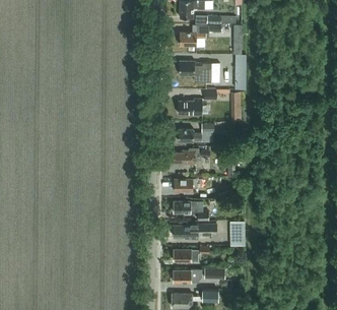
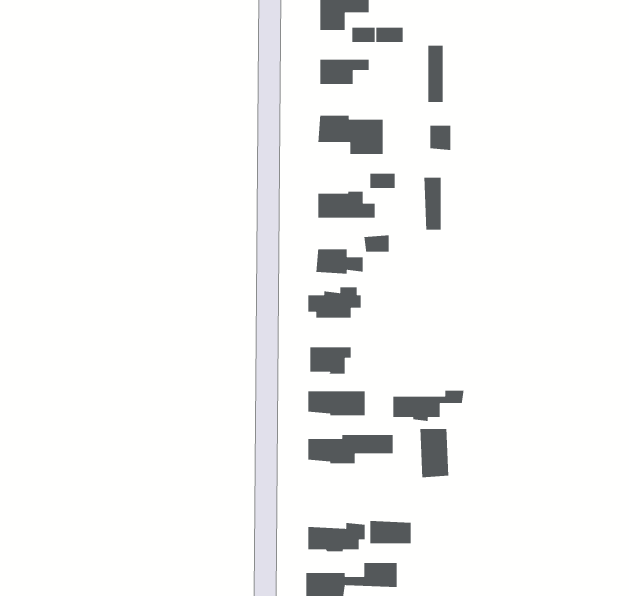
building: [173,247,209,263] -> [393,390,464,422]

